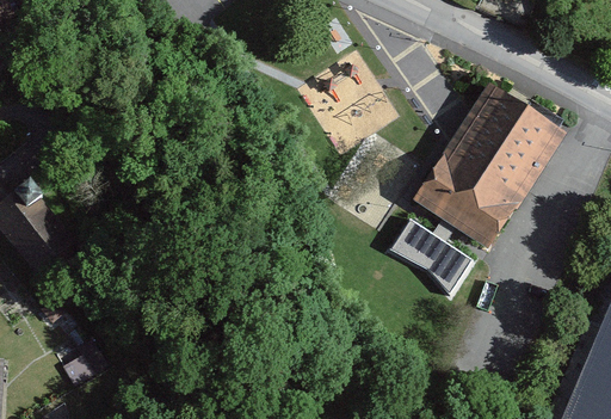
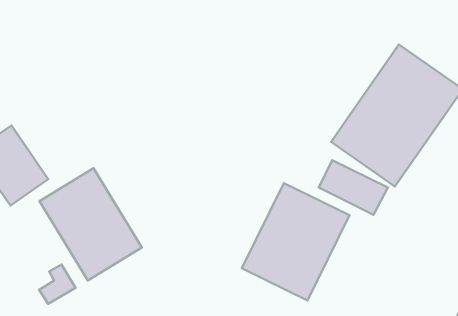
building: none -> [39,168,142,280]
building: none -> [242,183,349,300]

